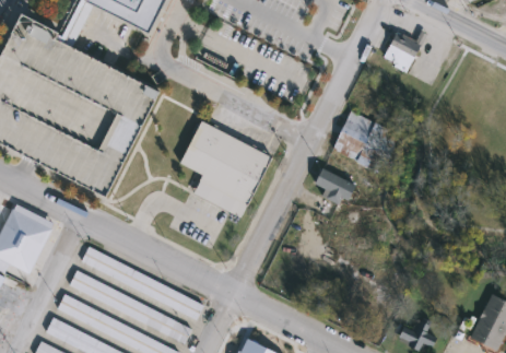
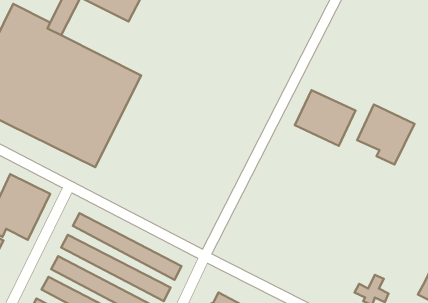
building: [381,31,427,72] -> none
building: [180,119,272,215] -> none
building: none -> [357,105,415,165]
building: [314,168,356,205] -> none

